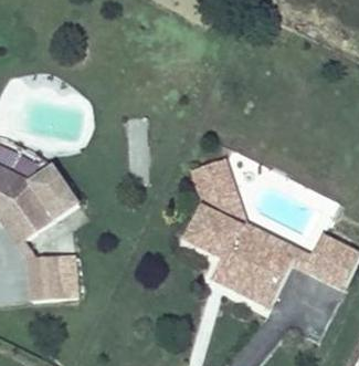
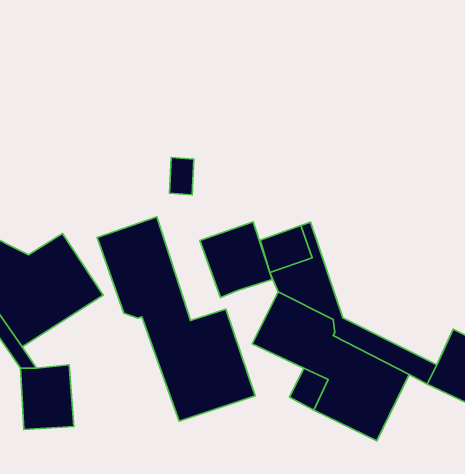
building: none -> [97,217,255,421]
building: none -> [200,222,272,297]

